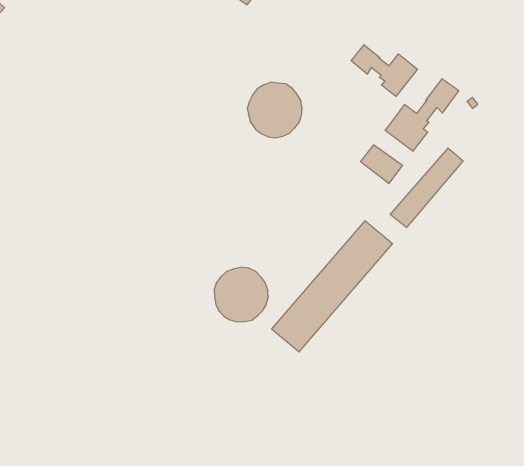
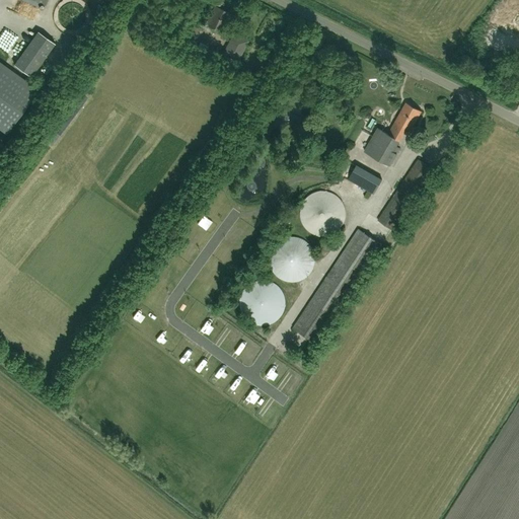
building: [351,45,417,96] -> none
building: [247,82,302,138] -> [299,191,345,236]
building: none -> [269,236,314,282]

